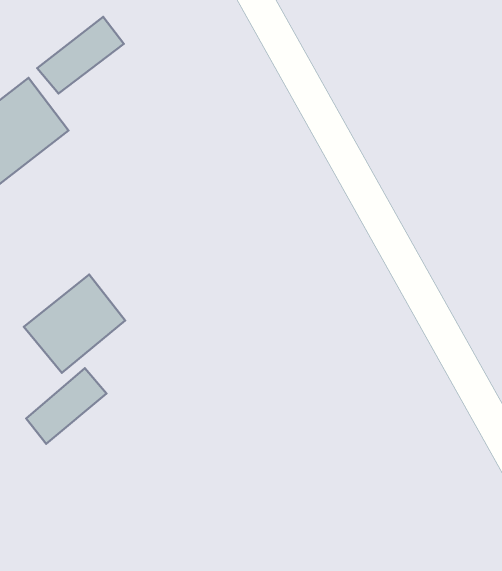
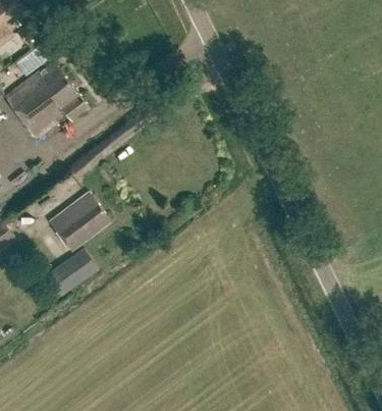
building: [37,17,124,93] -> none

